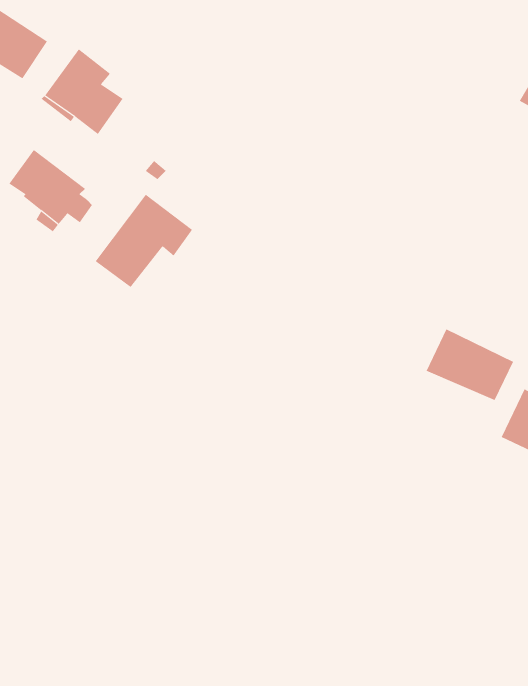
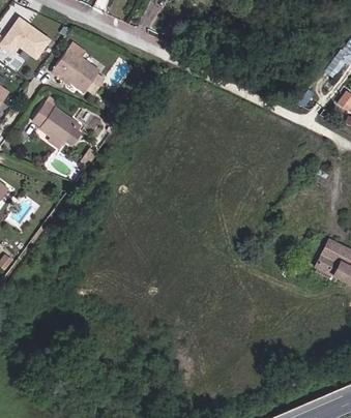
building: [95,194,193,288] -> none
building: [426,328,514,401] -> none

